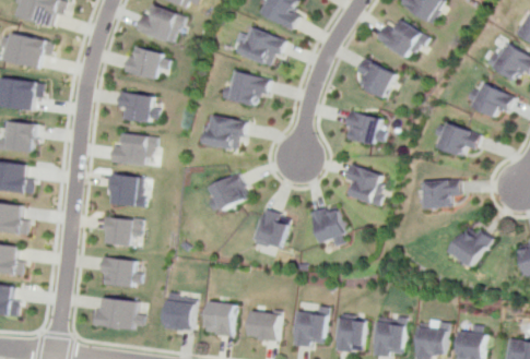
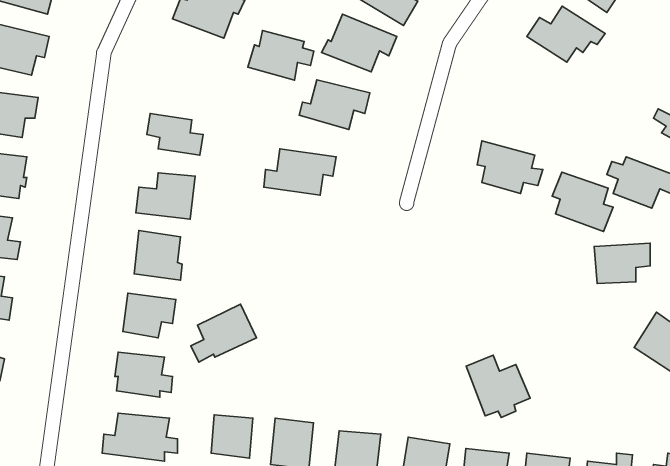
building: [123,46,168,80] -> [248,30,314,80]
building: [356,60,397,101] -> none
building: [346,167,388,207] -> [552,172,613,231]
building: [203,172,248,212] -> [191,304,257,362]
building: [309,206,353,249] -> [466,355,530,418]
building: [256,211,288,250] -> none

